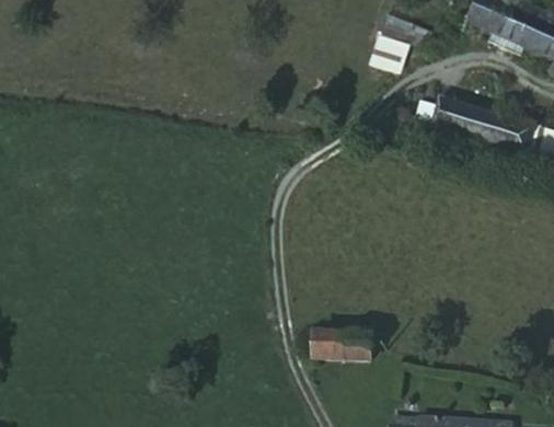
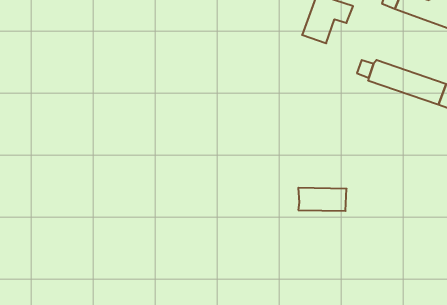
building: [316,337,373,365] -> [298,188,347,211]

